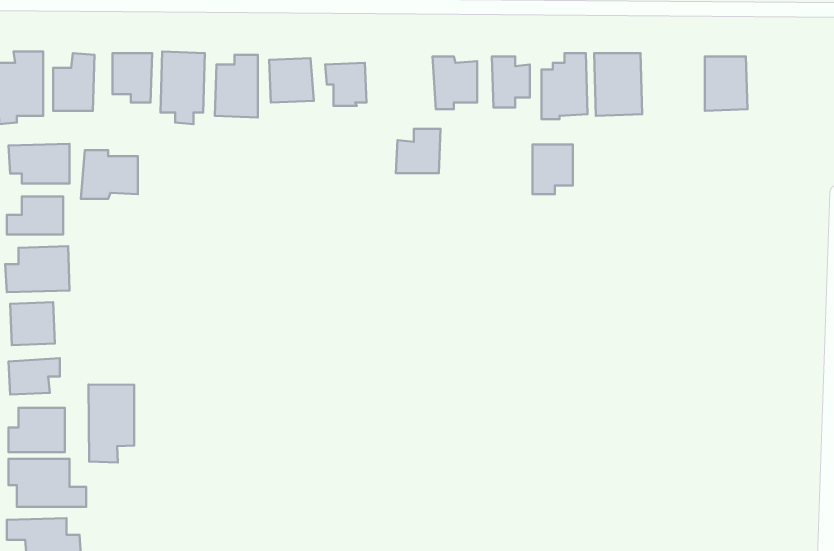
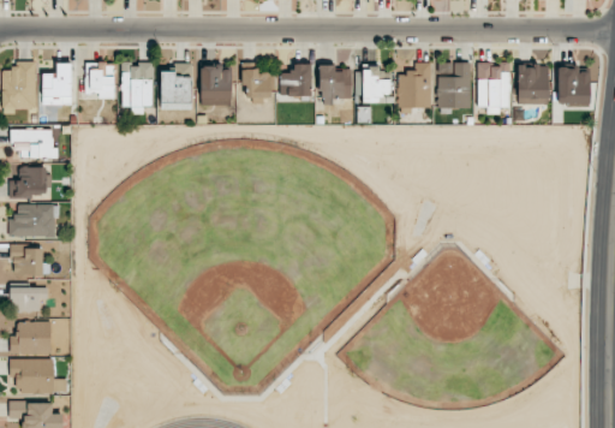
building: none -> [478,61,510,113]
building: none -> [557,65,590,106]
building: [396,129,440,173] -> [280,64,312,96]
building: [533,144,573,194] -> none
building: [81,150,138,199] -> none
building: [89,385,134,462] -> none

